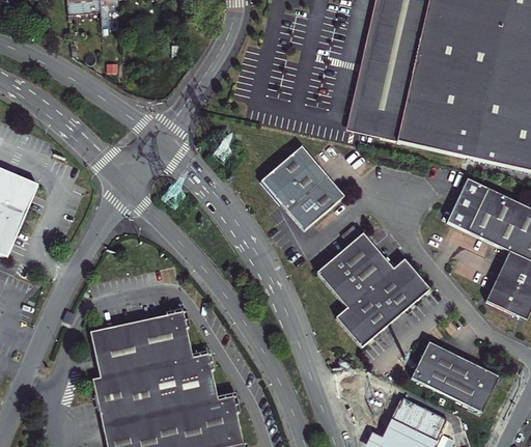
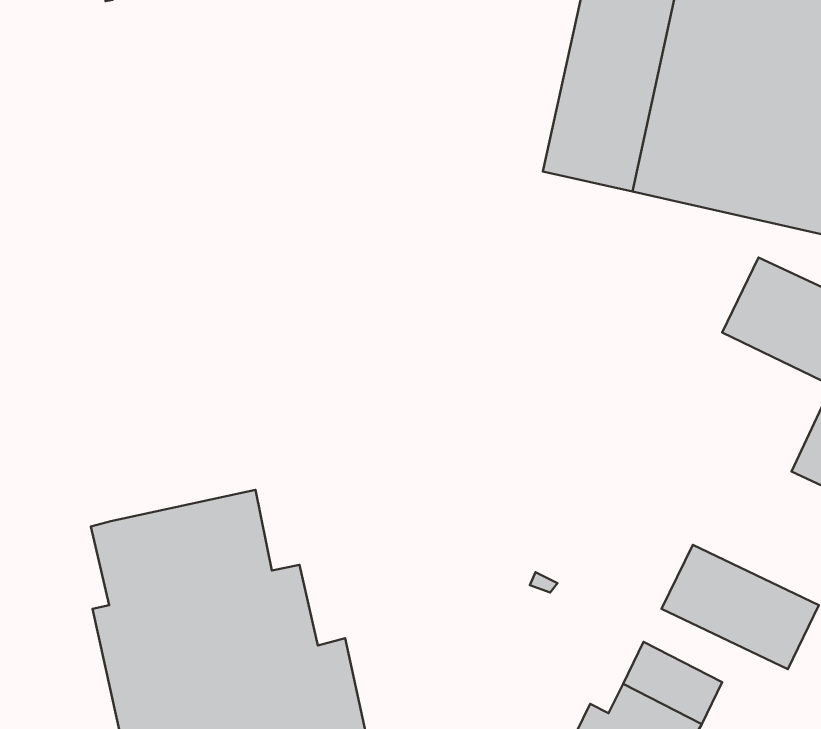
building: [262,141,347,228] -> none
building: [316,232,428,346] -> none

